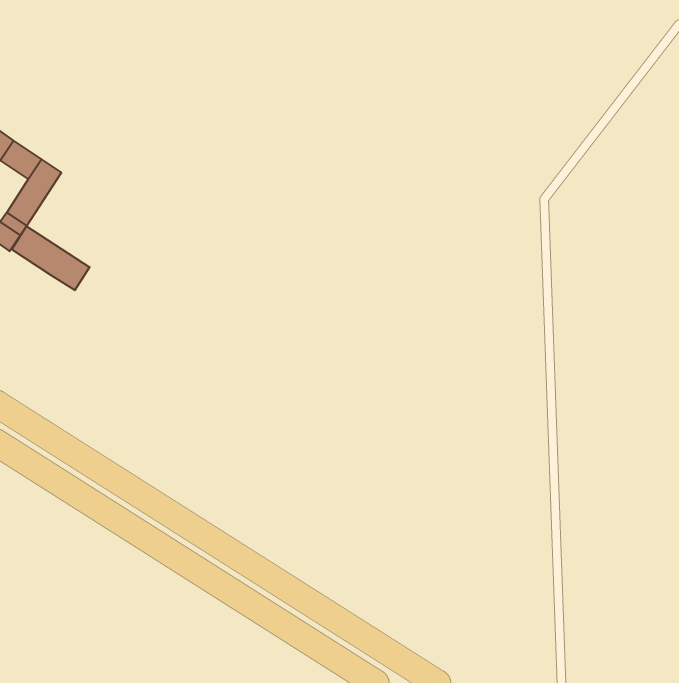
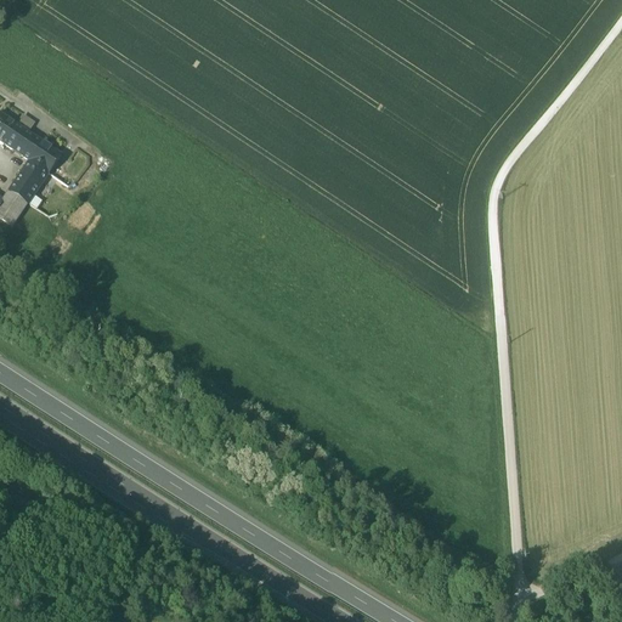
building: [12,226,90,290] -> none

